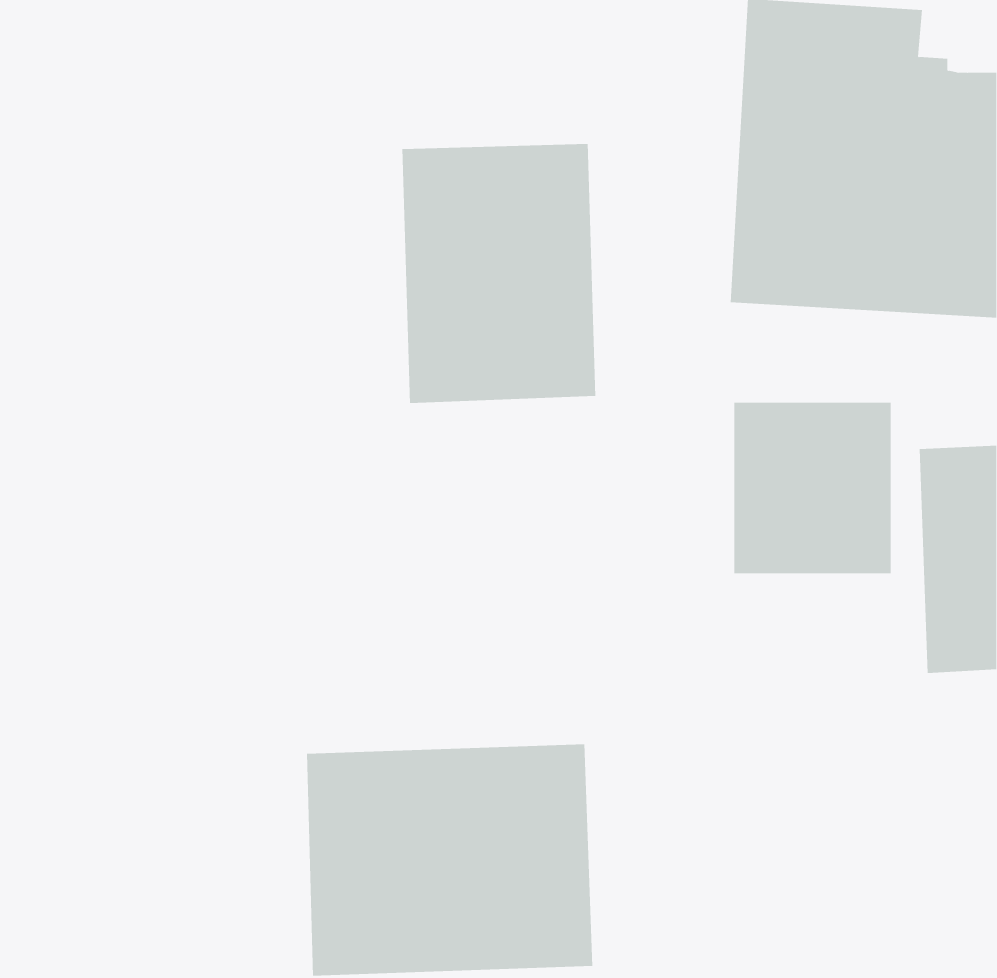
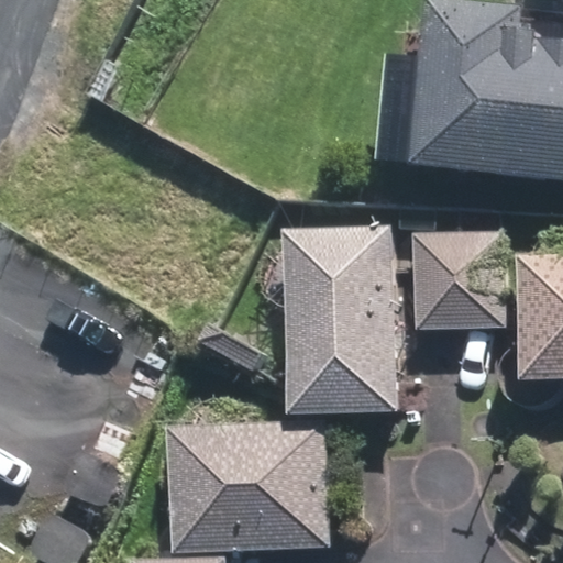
building: [402,143,596,404] -> none
building: none -> [283,225,396,416]

